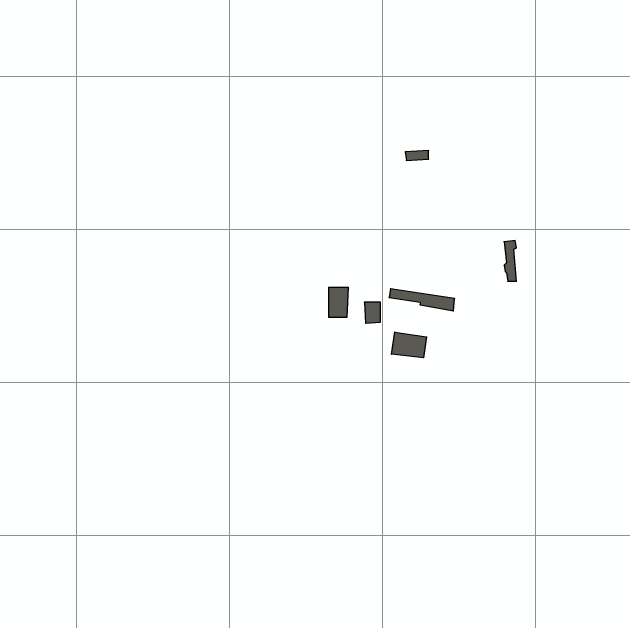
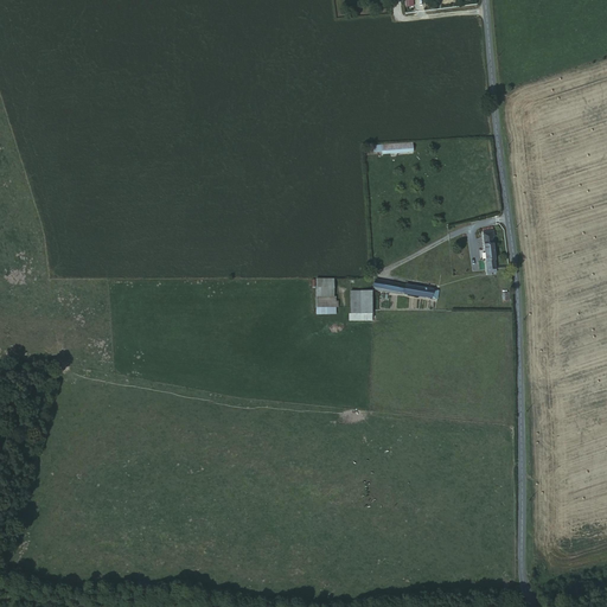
building: [391,332,427,358] -> none

